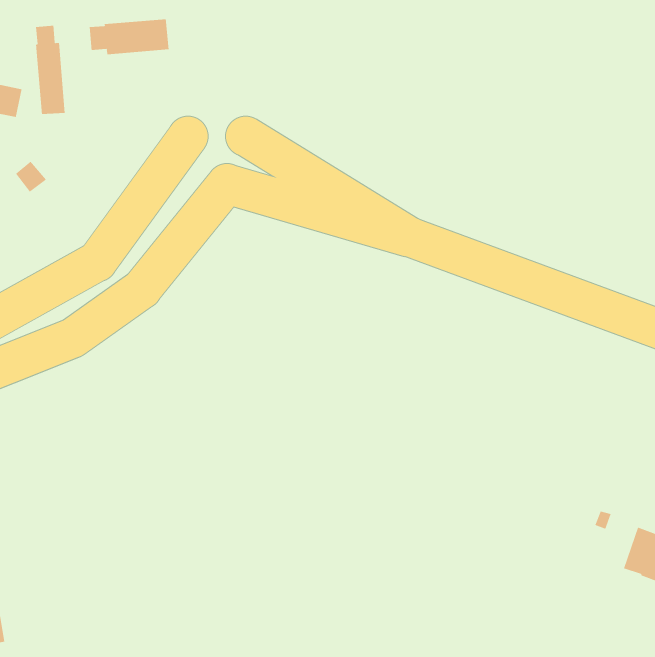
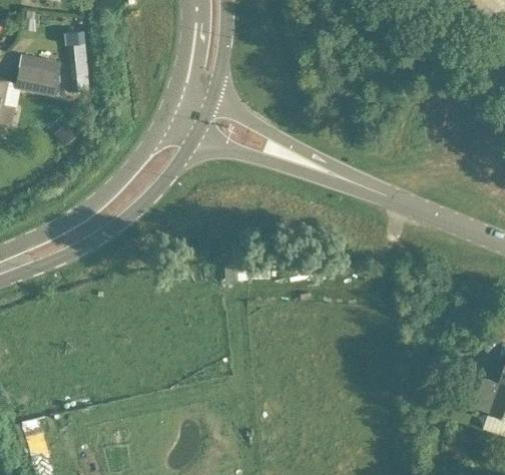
building: [89,19,169,55] -> none

